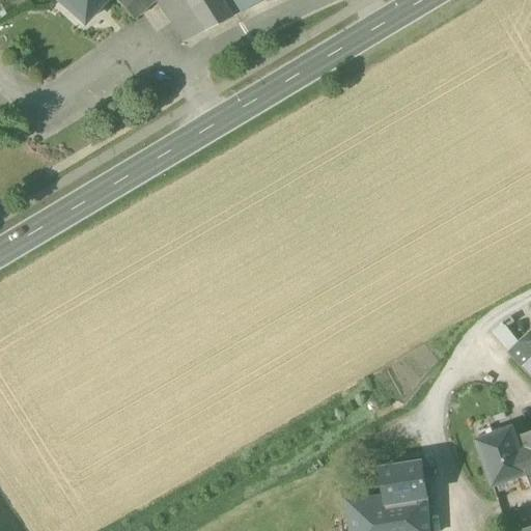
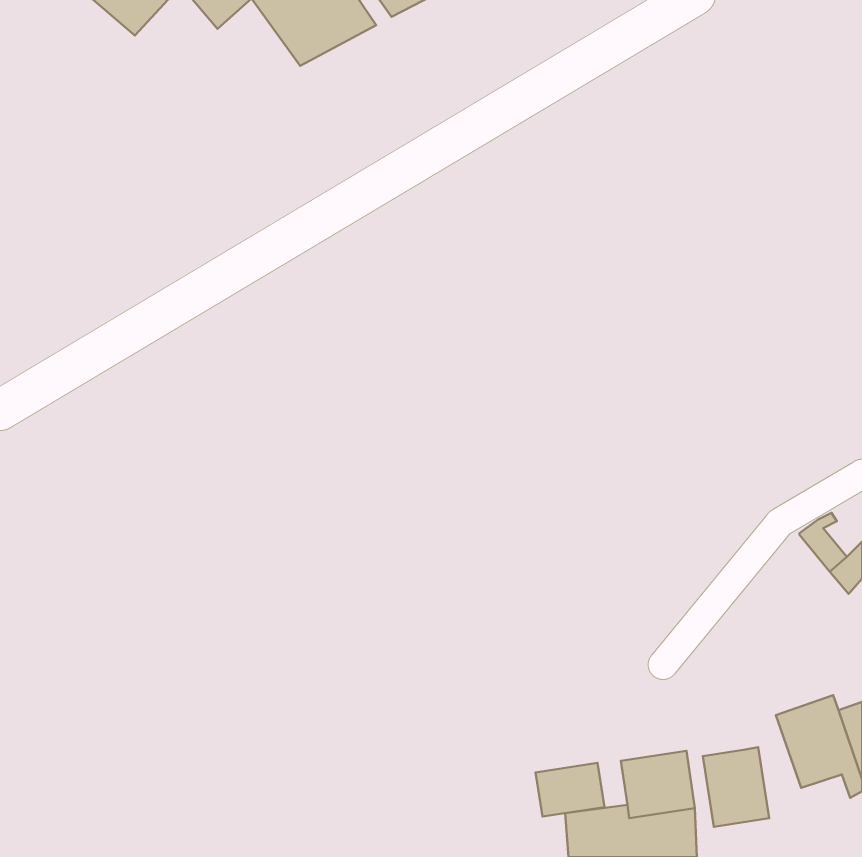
building: none -> [703,747,769,827]
building: none -> [535,763,605,817]

